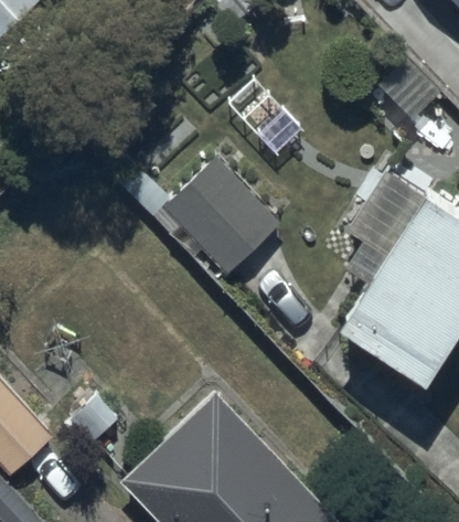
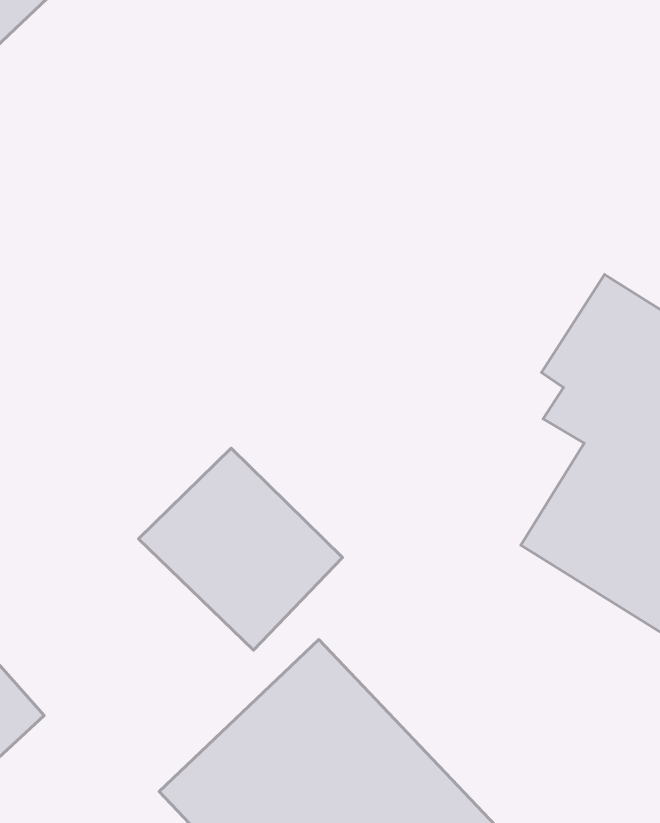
building: [161,158,282,278] -> [138,448,342,650]

